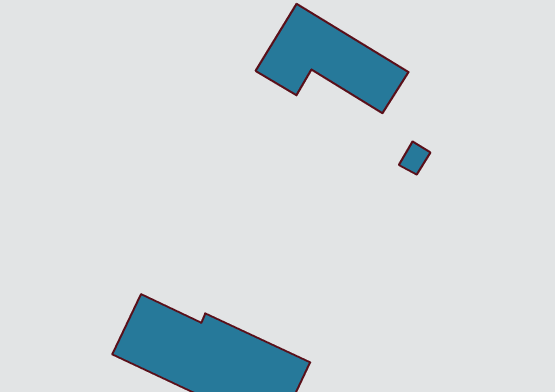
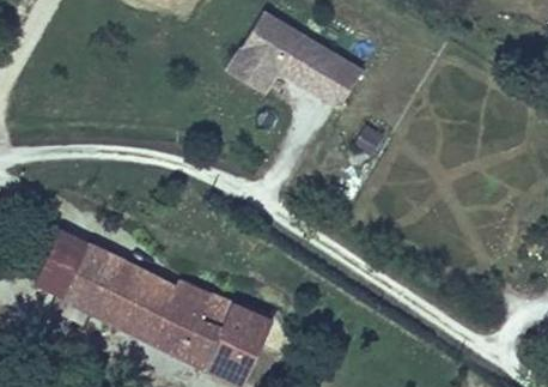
building: none -> [10,220,127,316]

